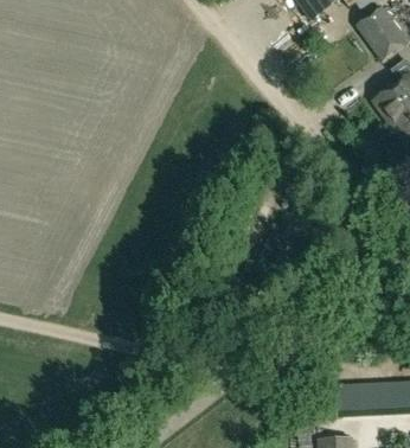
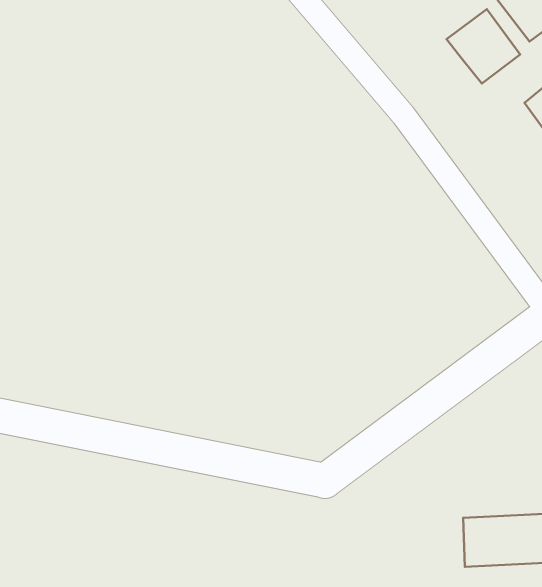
building: none -> [447,9,520,84]

